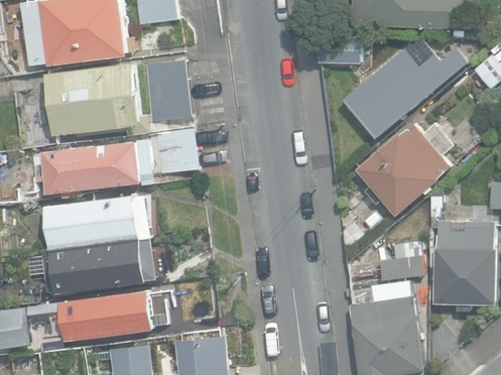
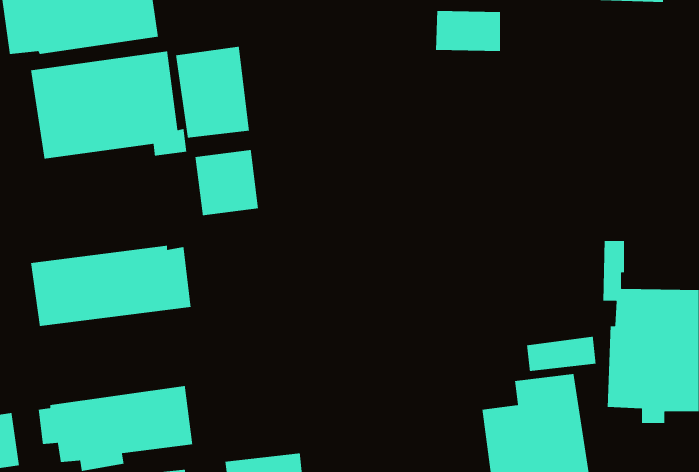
building: [348,51,465,137] -> none
building: [356,123,450,216] -> none
building: [32,141,151,199] -> none
building: [41,237,158,292] -> none

